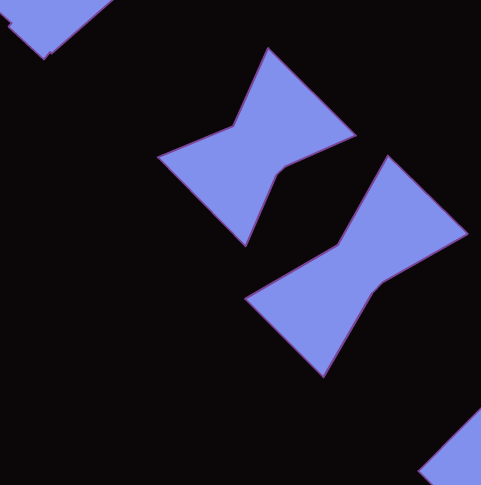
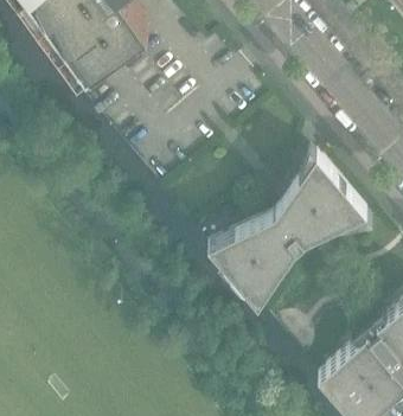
building: [158,48,356,246] -> none

